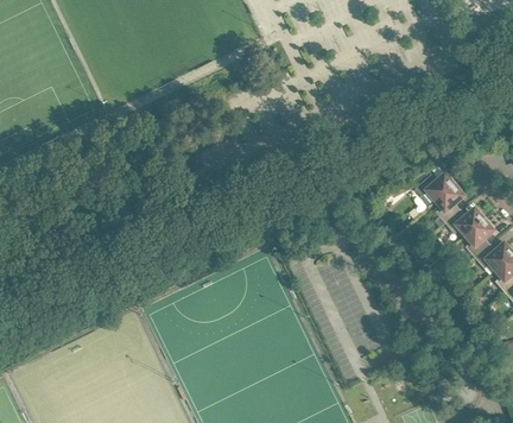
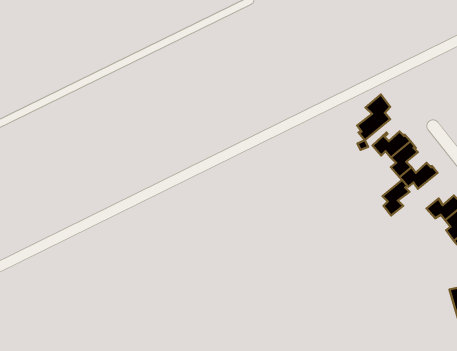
building: none -> [357,95,390,140]
building: [467,219,496,258] -> [383,180,410,216]

